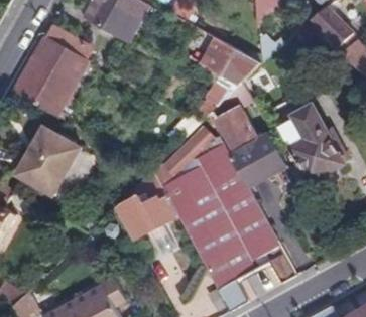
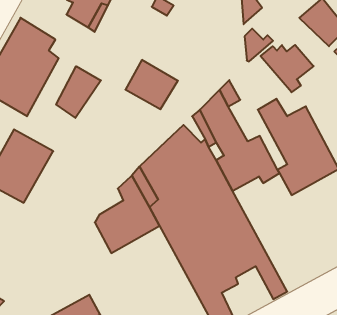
building: [189,32,237,77] -> [125,60,178,109]
building: none -> [261,45,314,92]
building: none -> [56,66,101,118]

